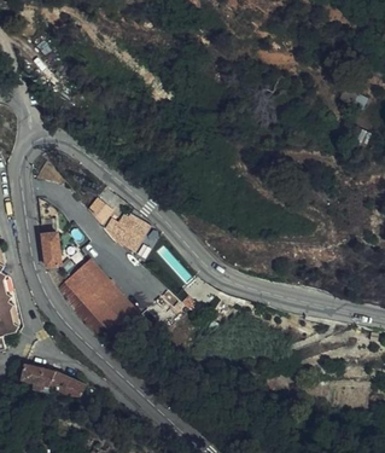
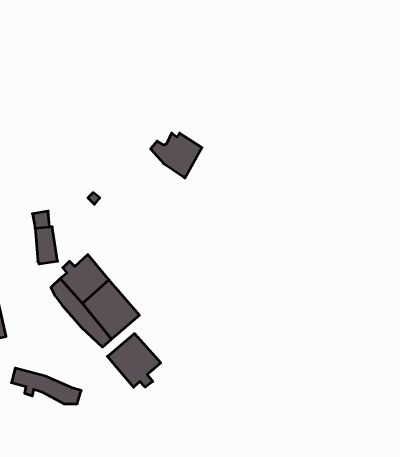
building: [104,211,151,252] -> [151,133,202,178]
building: none -> [107,334,161,387]

